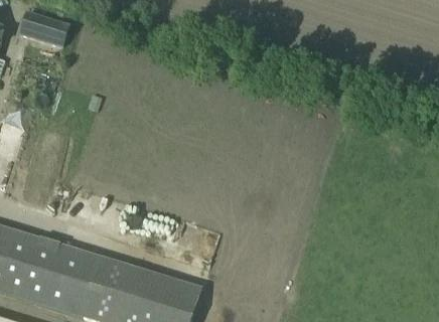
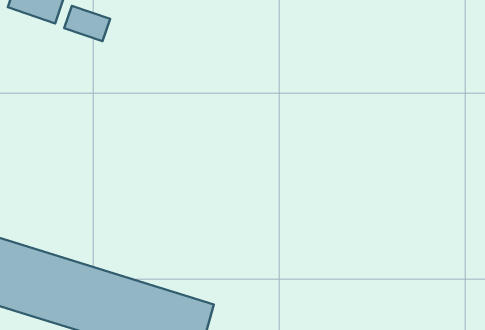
building: none -> [64,6,110,41]

